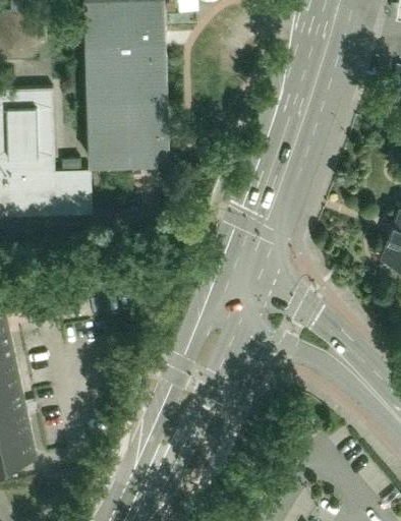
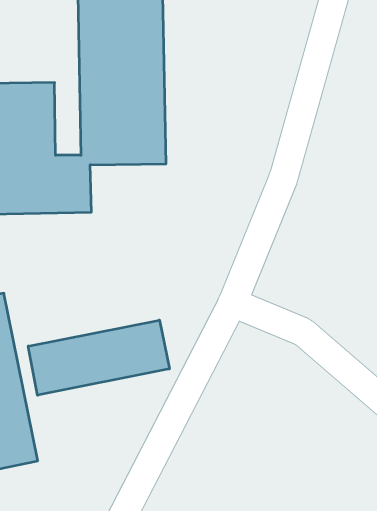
building: none -> [28,320,169,395]

